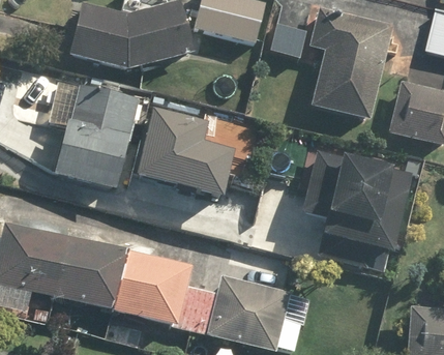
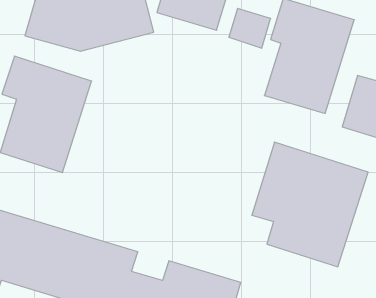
building: [131,109,232,198] -> none

